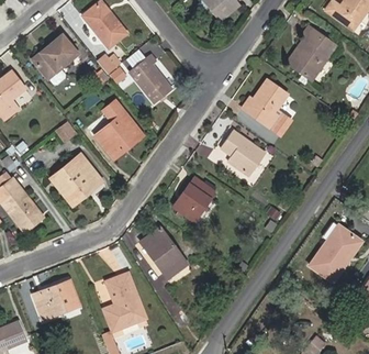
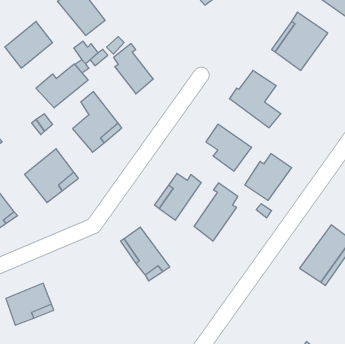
building: none -> [36,64,88,108]
building: none -> [245,154,292,200]
building: none -> [194,183,238,241]
building: [103,273,145,331] -> none

